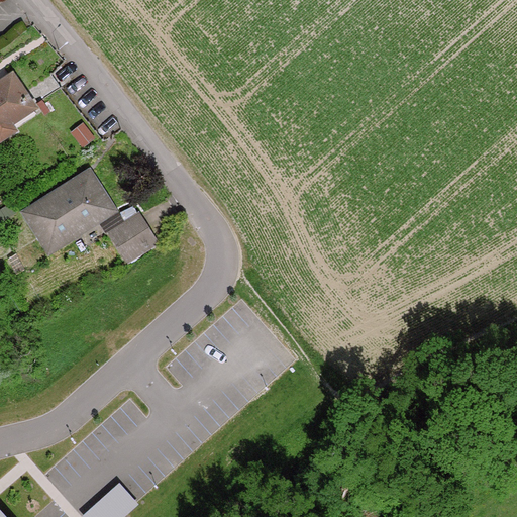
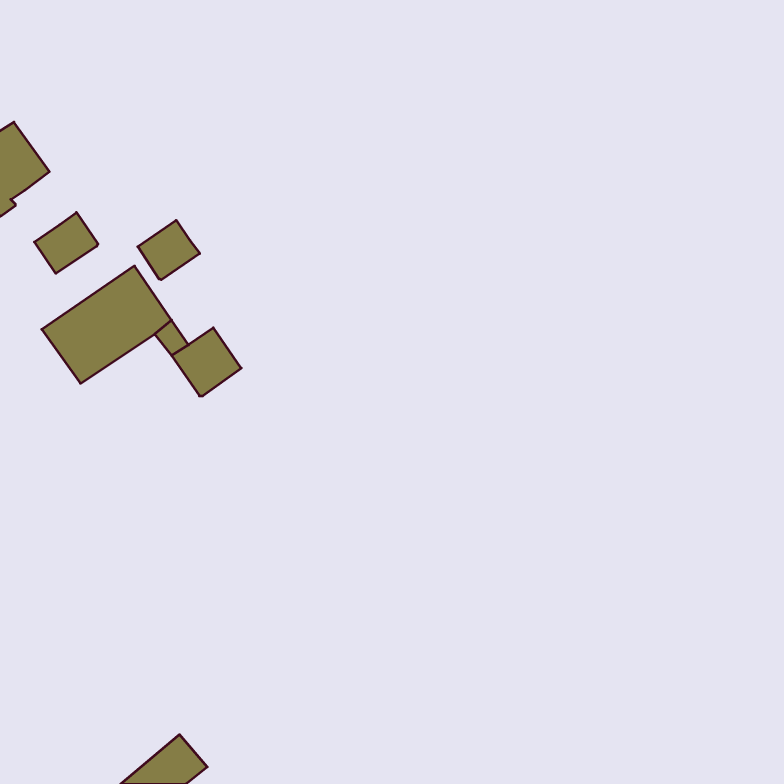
building: none -> [34,212,98,273]
building: none -> [138,220,200,280]

